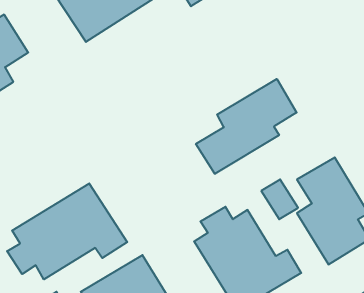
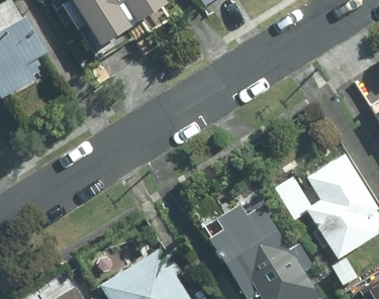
building: [196,79,297,174] -> none
building: [7,183,127,279] -> none

